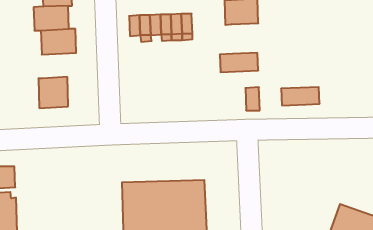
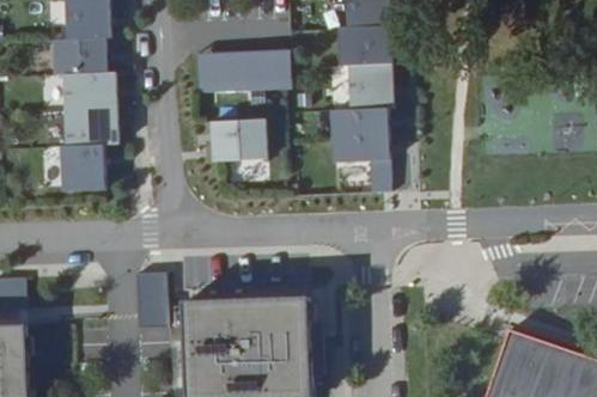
building: none -> [348,63,390,109]
building: none -> [65,108,117,146]
building: none -> [212,120,267,160]
building: [281,87,320,105] -> [331,134,389,161]
building: none -> [135,273,167,328]

